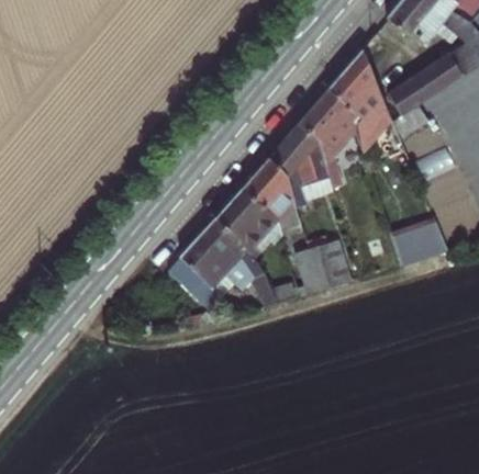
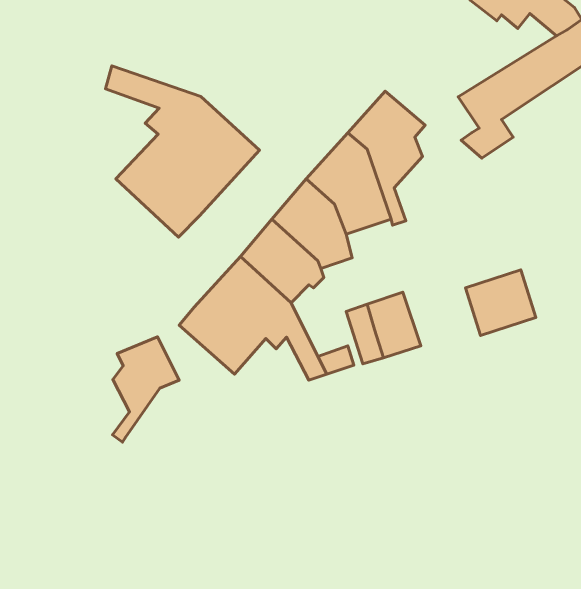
building: [327,52,391,151] -> none
building: none -> [105,66,260,237]
building: none -> [113,337,179,442]

